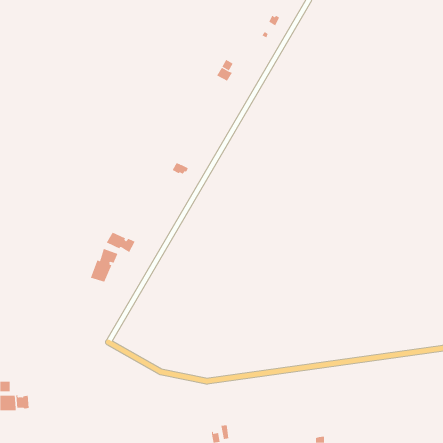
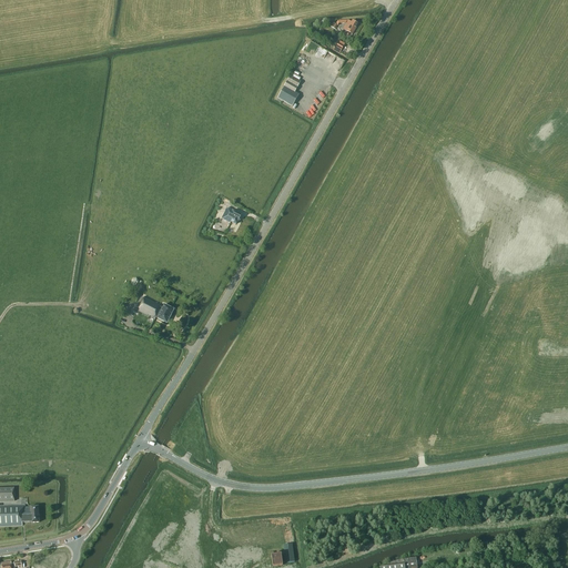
building: [90,248,118,283] -> none

